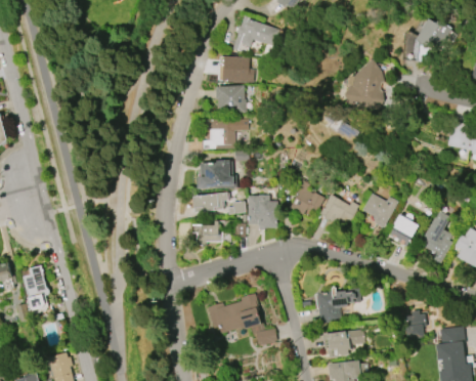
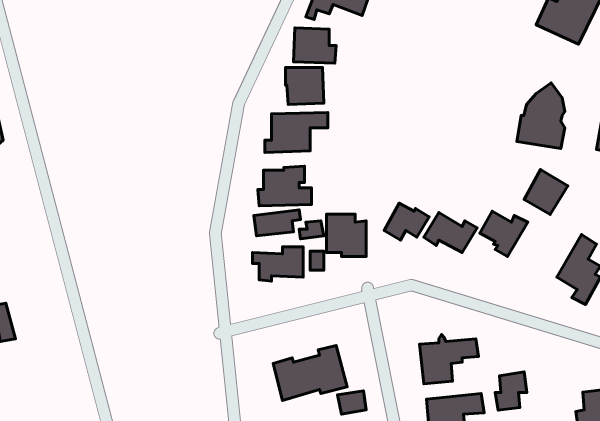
building: [347,59,383,109] -> [517,83,565,148]
building: [386,213,419,247] -> [524,169,568,215]
building: [20,263,52,318] -> none
building: [404,309,428,338] -> [495,372,527,410]

